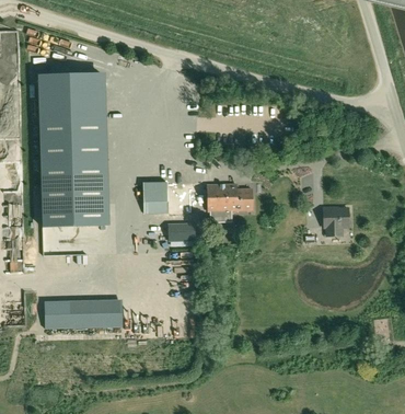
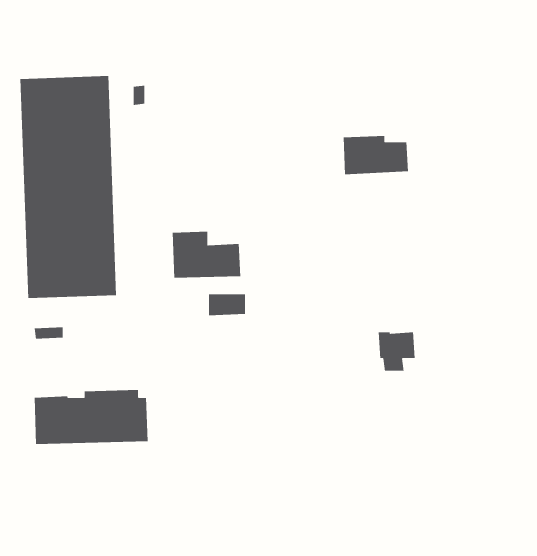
building: [207,184,253,211] -> [343,136,409,175]
building: [323,208,349,235] -> [378,332,416,371]

